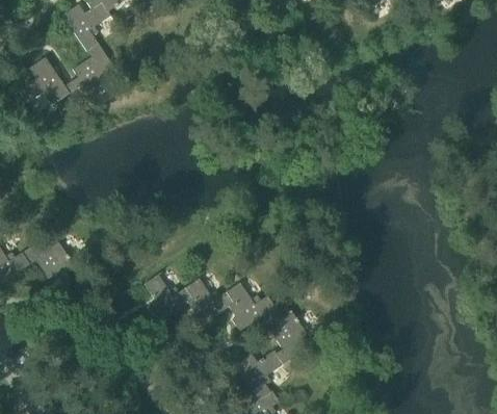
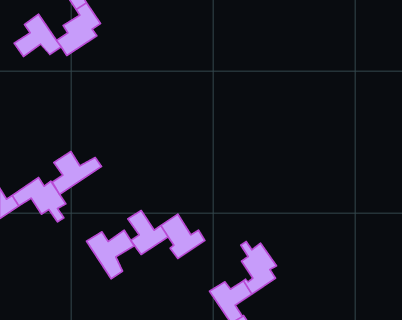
building: none -> [52,151,101,194]
building: [221,283,274,331] -> none
building: none -> [86,230,134,279]

